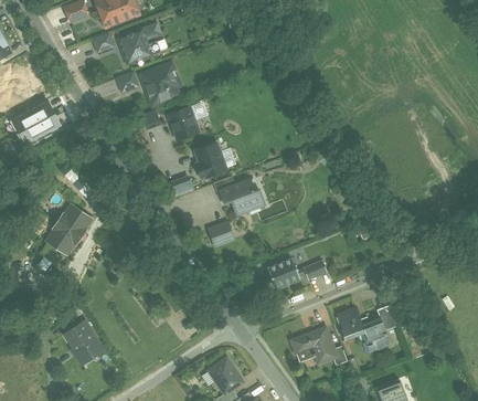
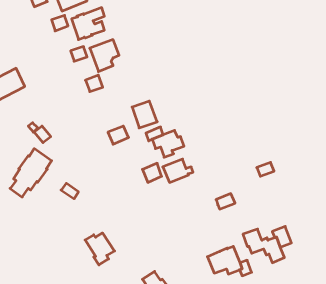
building: [169,106,199,139] -> none
building: [266,257,305,287] -> [163,159,193,182]
building: [64,323,102,363] -> [85,233,115,265]

